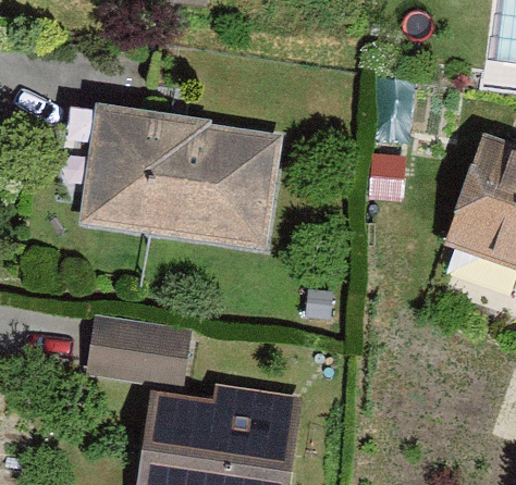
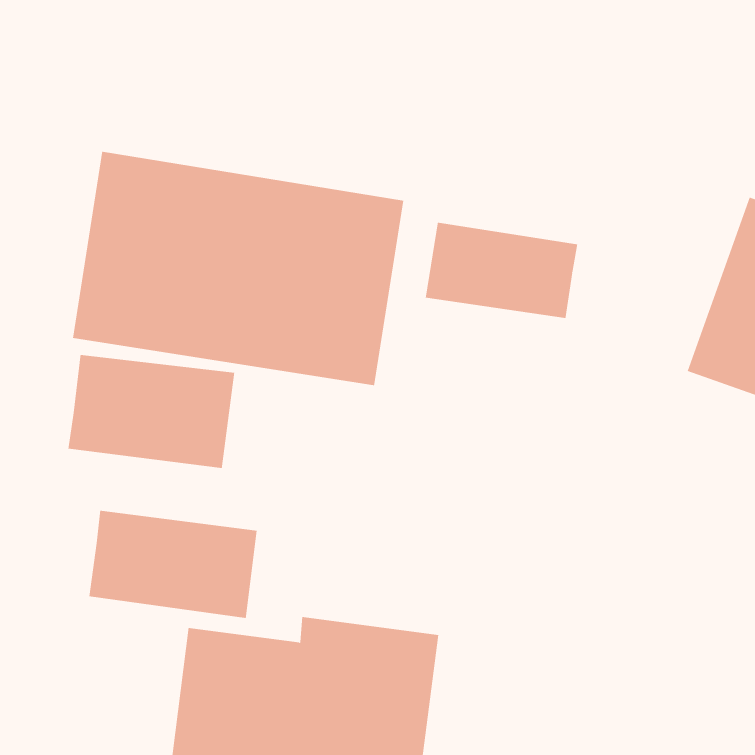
building: none -> [425,222,578,319]
building: none -> [68,354,235,469]

